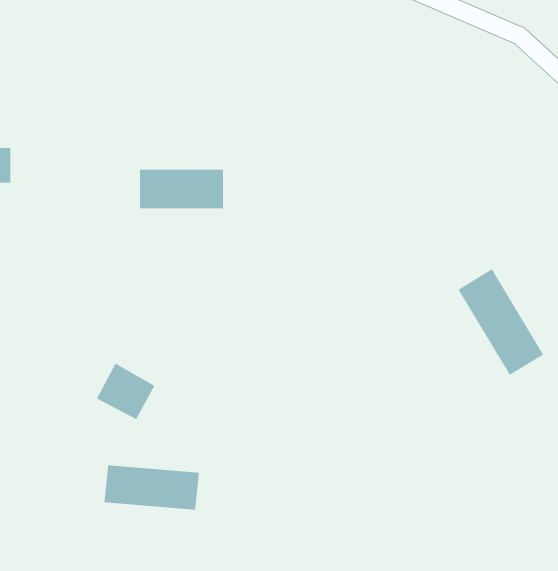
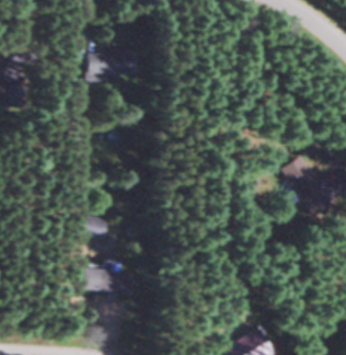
building: [139,169,224,209] -> [90,53,138,76]

